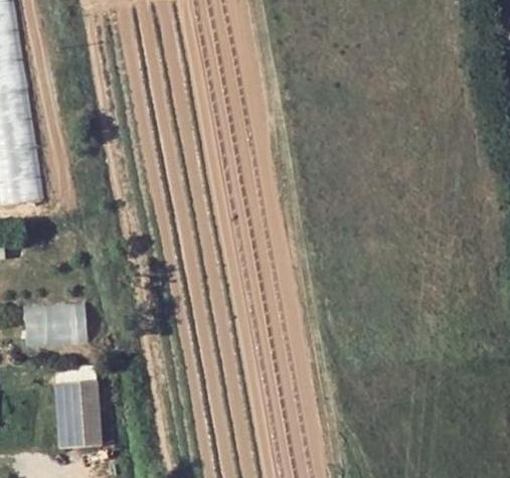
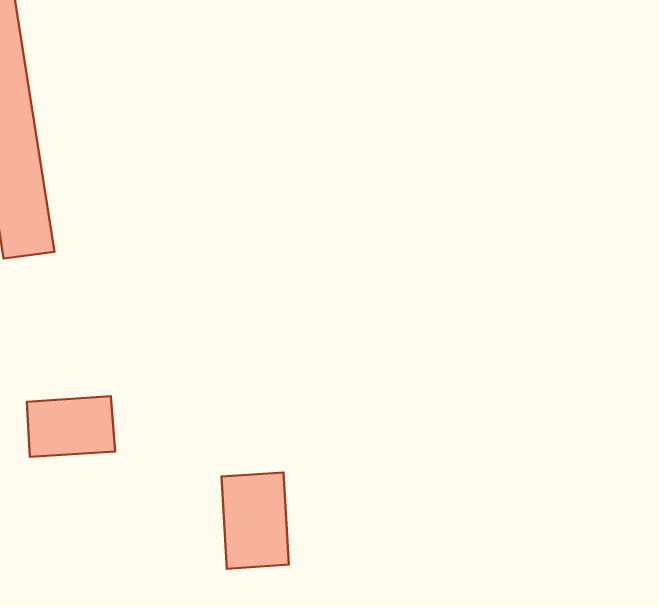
building: [52,378,102,449] -> [221,472,289,569]

